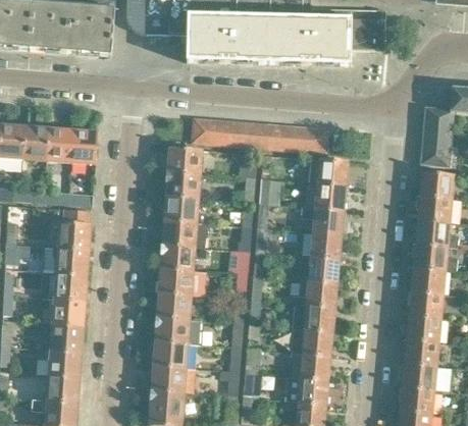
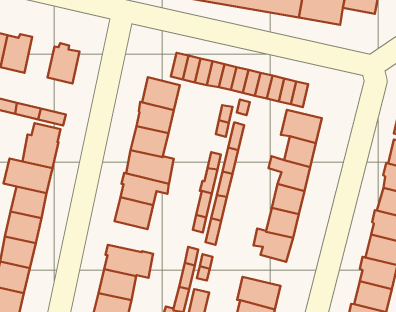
building: [47,123,72,161] -> none
building: [155,292,192,319] -> none
building: [293,303,333,331] -> none

